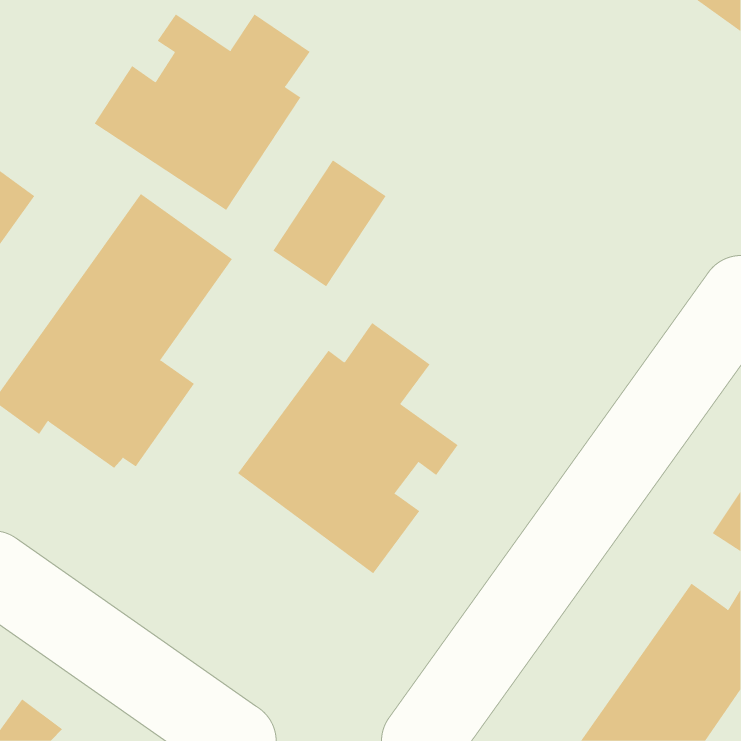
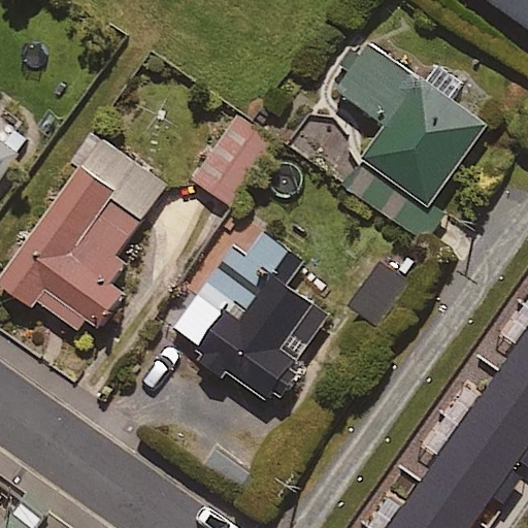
building: [94,13,310,211] -> none
building: none -> [329,38,485,238]

